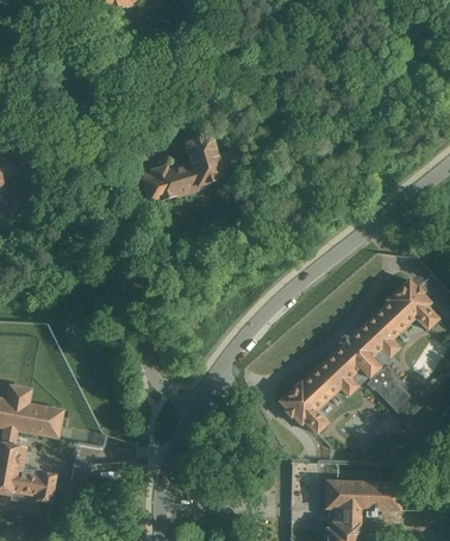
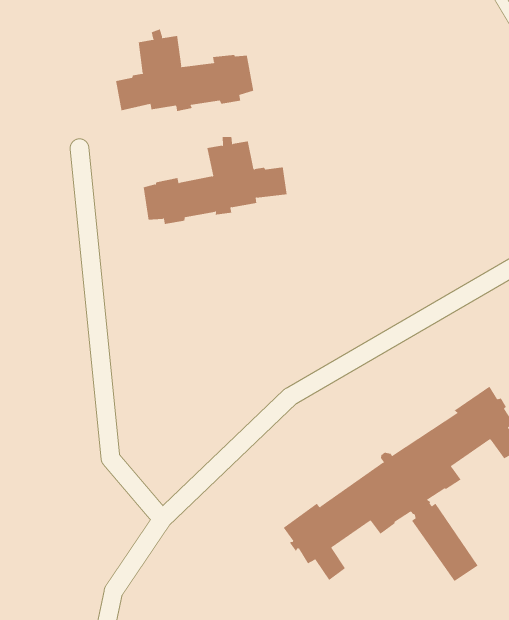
building: none -> [116,29,254,112]

